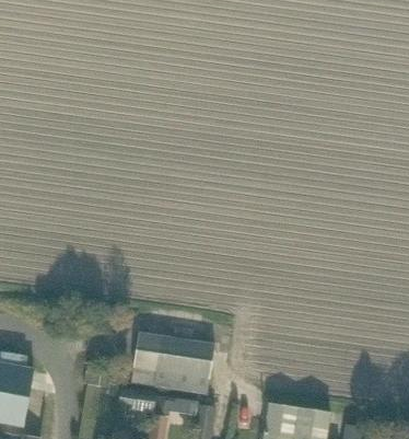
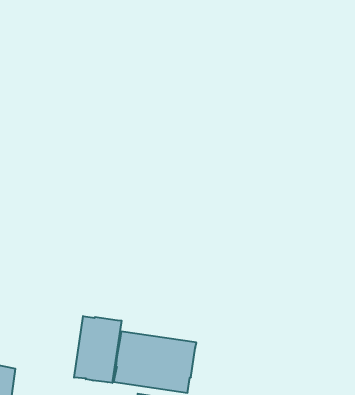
building: none -> [74,316,122,383]

